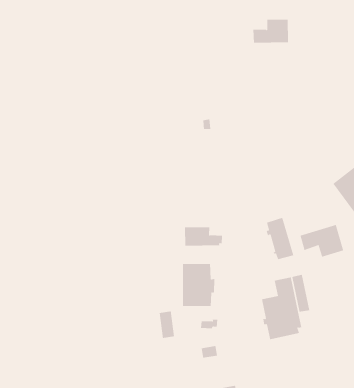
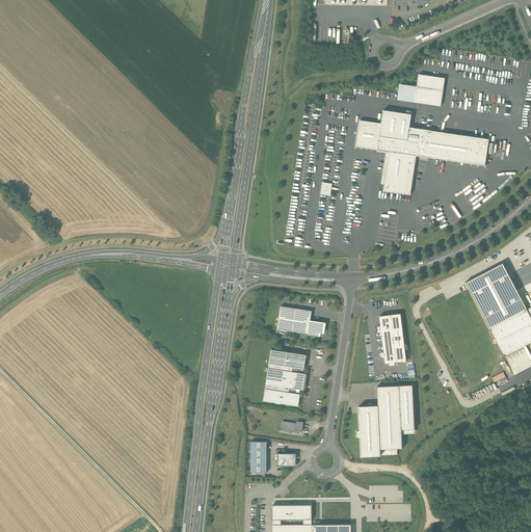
building: none -> [355,110,489,194]
building: [300,224,344,258] -> none
building: [159,311,175,338] -> [250,441,267,472]

